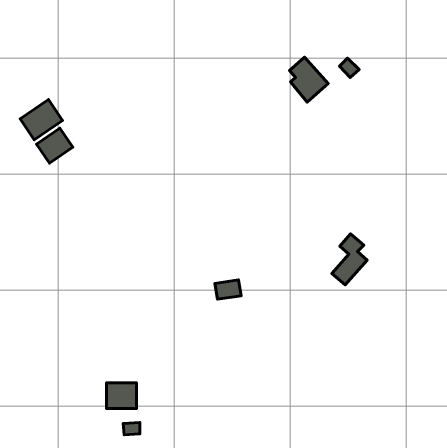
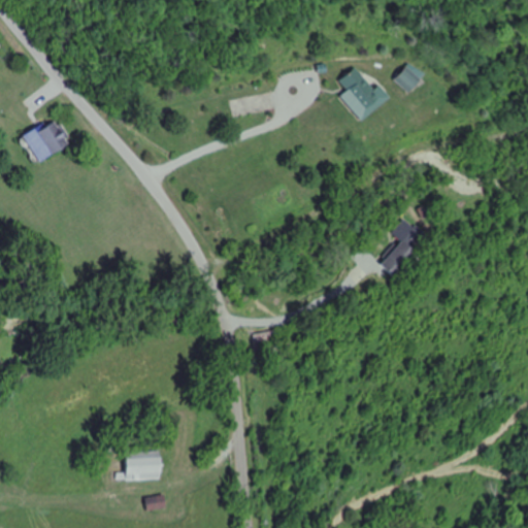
building: [37,128,73,163] -> none
building: [332,234,367,285] -> [380,218,421,277]

